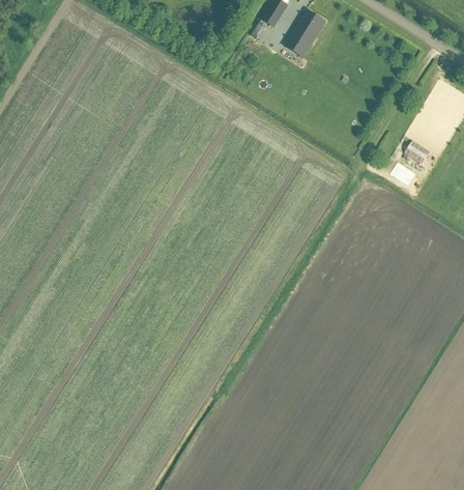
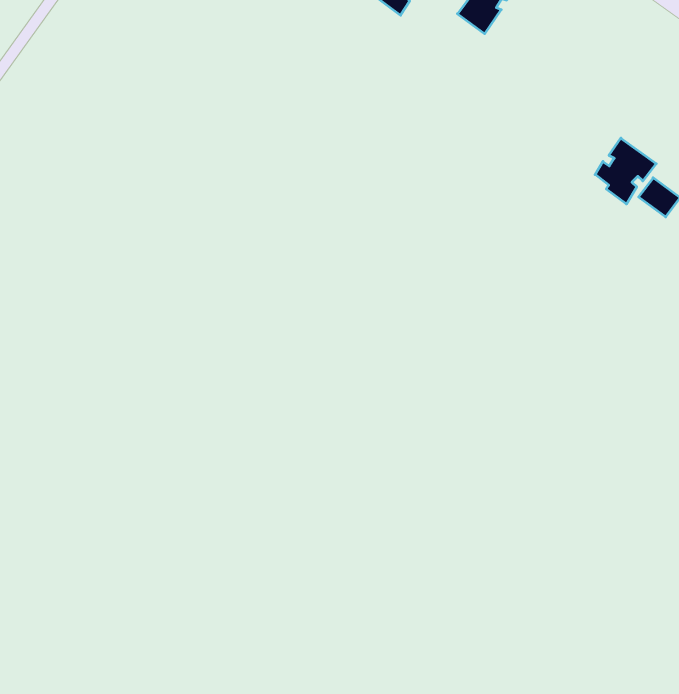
building: none -> [595,138,656,204]

